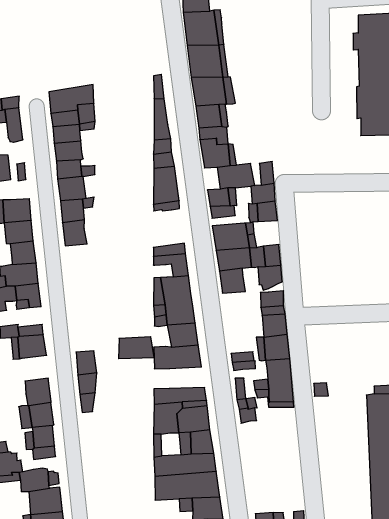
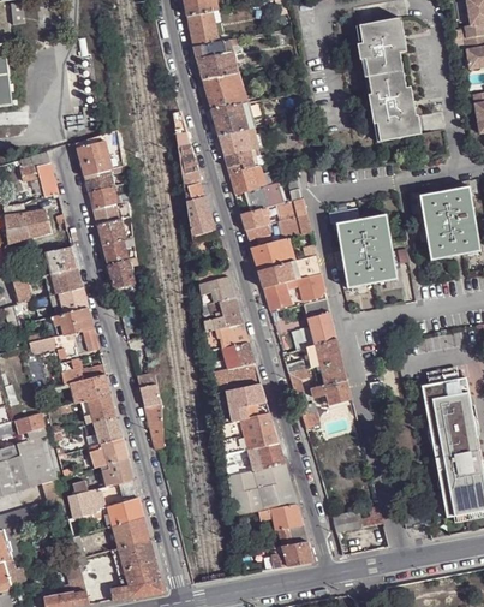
building: none -> [336,214,396,287]
building: [119,337,154,359] -> [231,383,267,409]
building: none -> [89,394,116,422]

